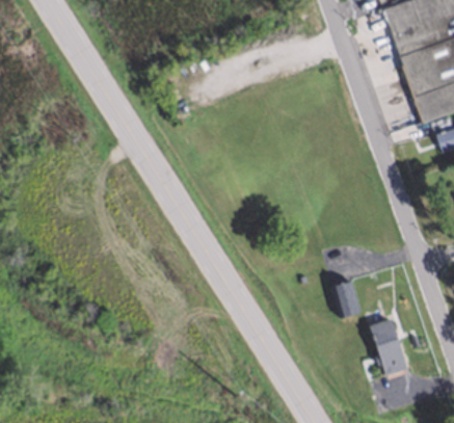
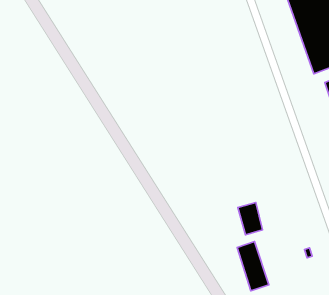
building: [370,317,408,377] -> [237,241,269,291]

